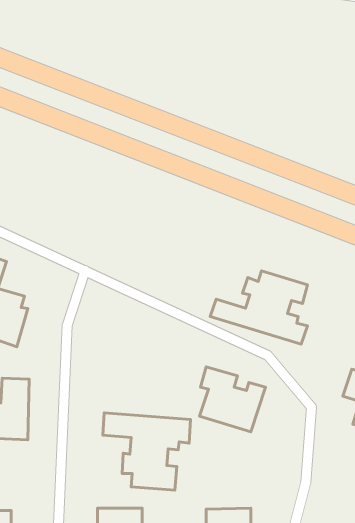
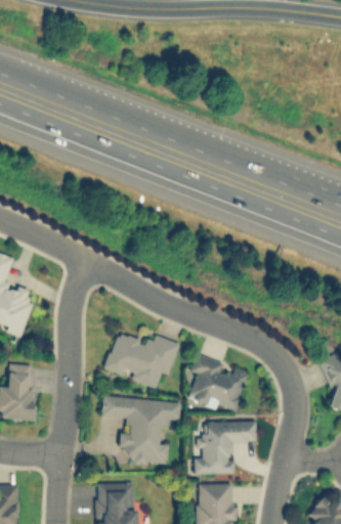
building: [210,271,308,344] -> none
building: none -> [103,333,180,389]
building: none -> [195,422,257,475]

